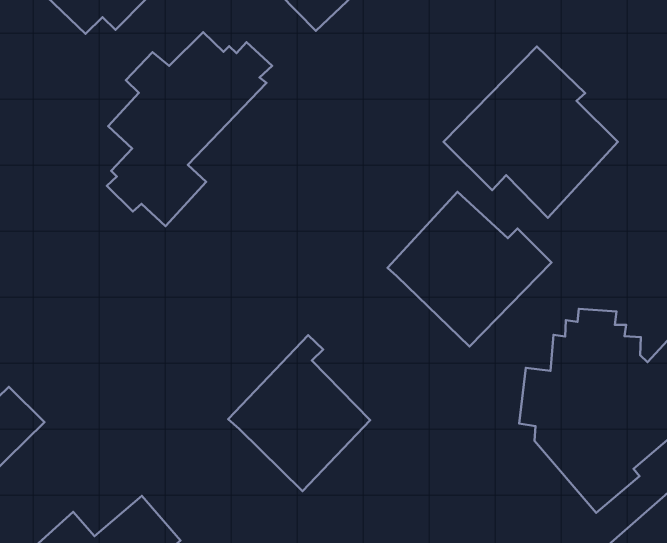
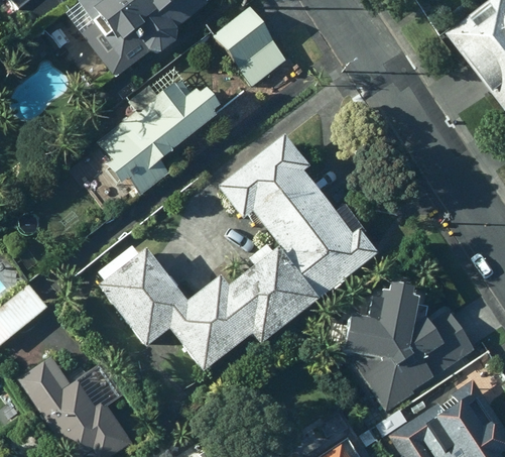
building: [444,47,618,218] -> [218,132,327,240]
building: none -> [221,244,321,344]
building: none -> [97,247,187,347]

